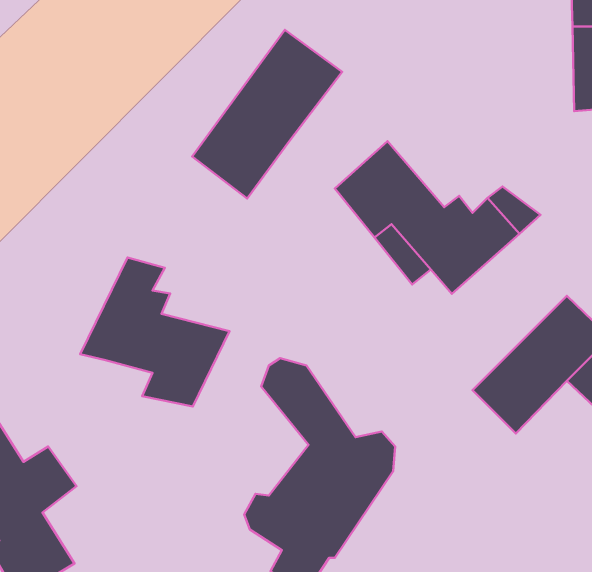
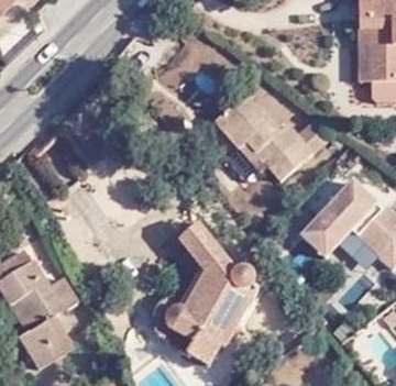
building: [192,30,342,199] -> none
building: [80,257,230,406] -> none

